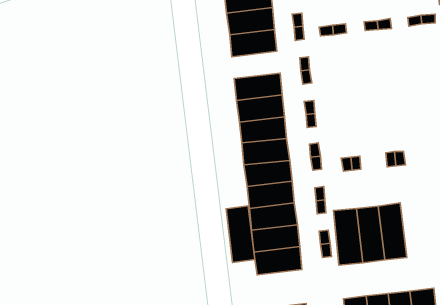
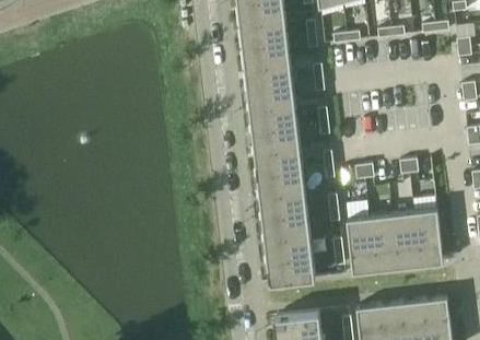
building: none -> [245,61,293,89]
building: none -> [413,211,443,268]
building: [226,206,255,263] -> none

